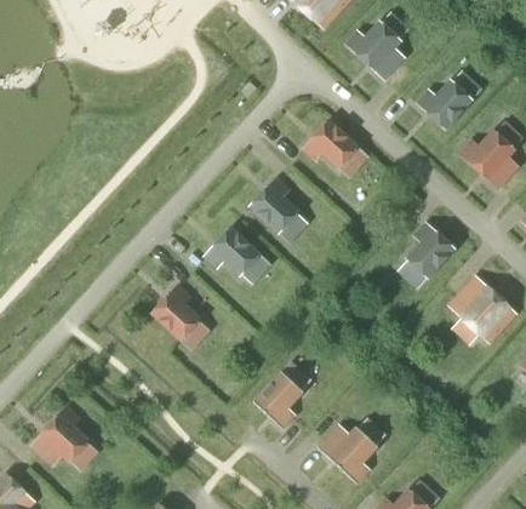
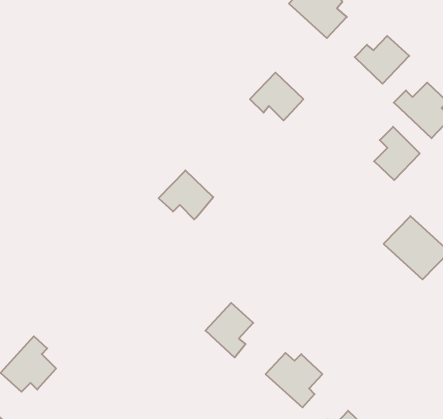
building: [248,176,301,235] -> none
building: [406,221,456,279] -> [374,127,420,180]
building: [150,281,202,342] -> none

